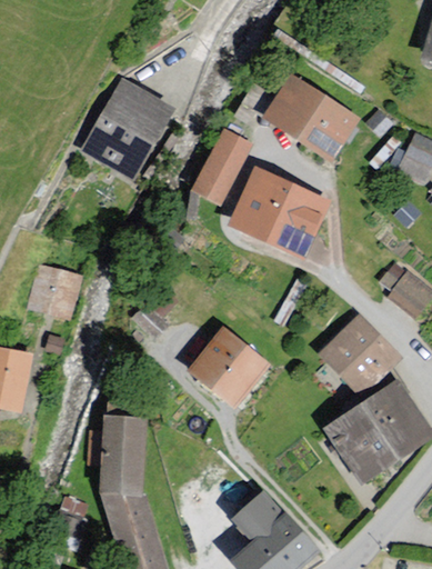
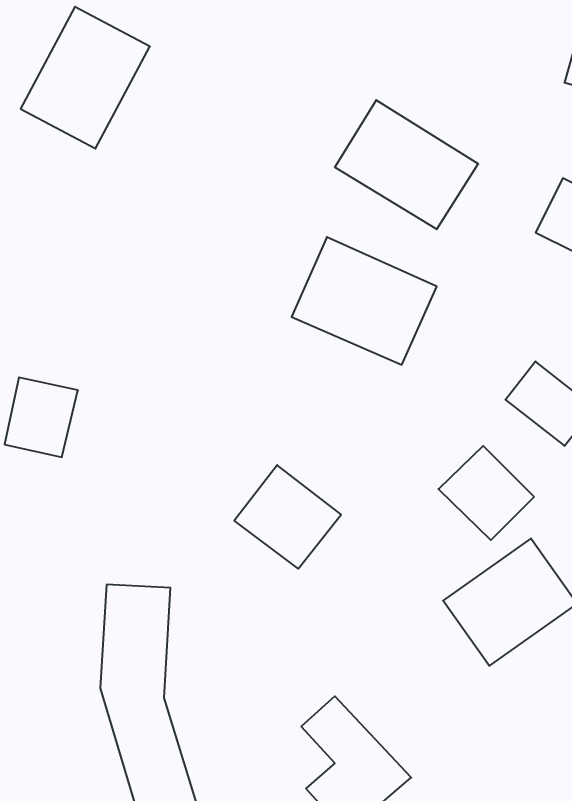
building: [81,79,171,178] -> [21,7,150,149]
building: [193,127,252,204] -> none

